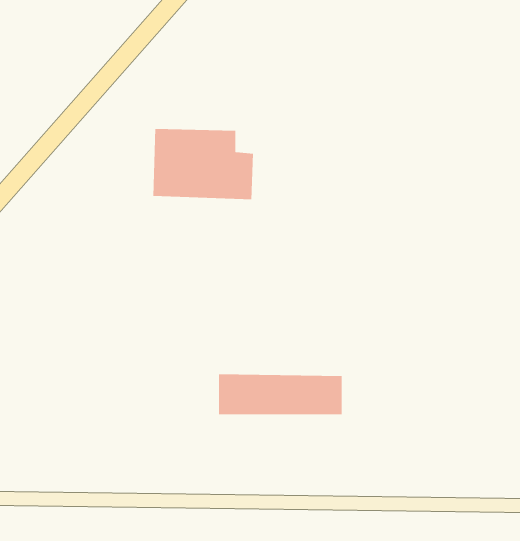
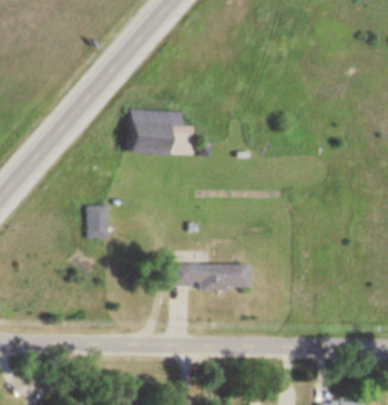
building: none -> [88,205,108,237]

